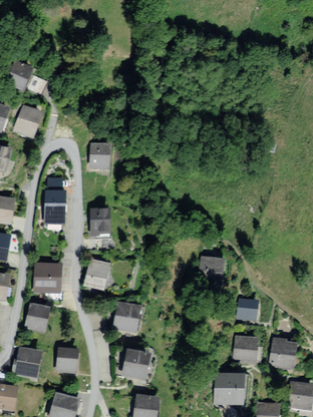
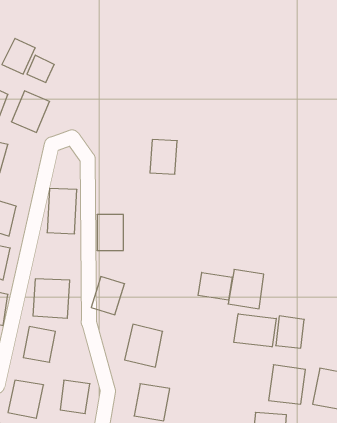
building: [86,141,109,170] -> [150,140,177,174]
building: none -> [198,272,232,300]
building: none -> [234,314,276,347]

